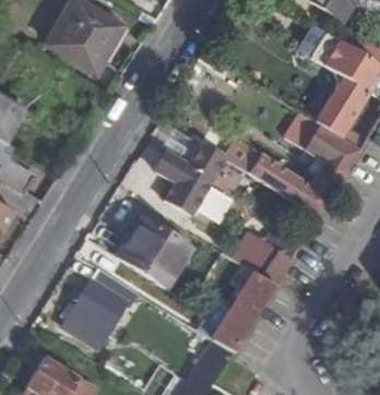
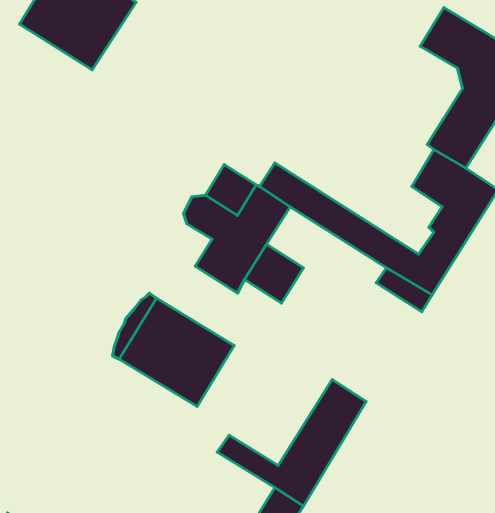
building: [231,232,292,286] -> none
building: [58,268,132,346] -> none

